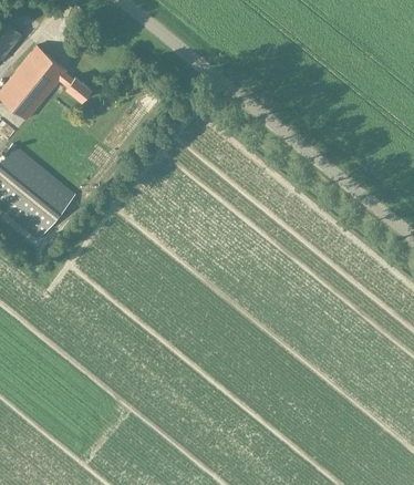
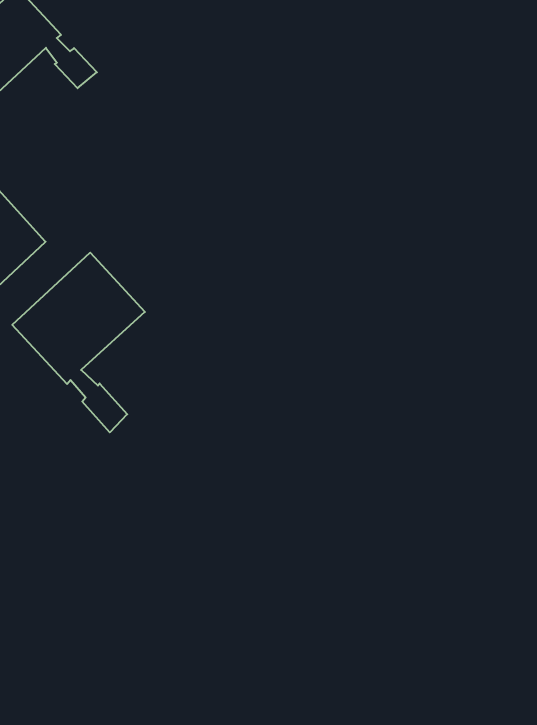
building: none -> [12,253,145,432]

